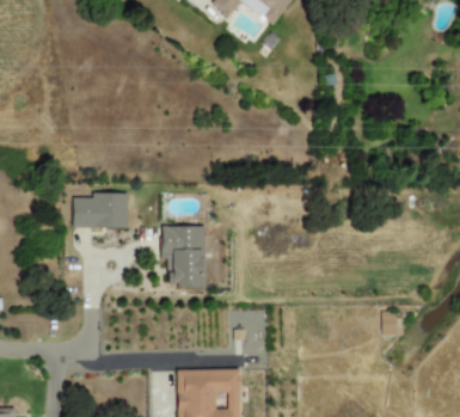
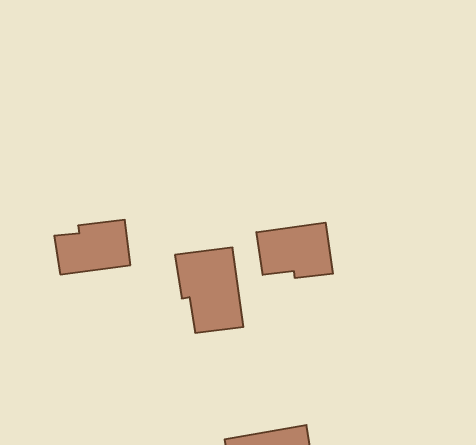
building: none -> [256,223,333,278]

